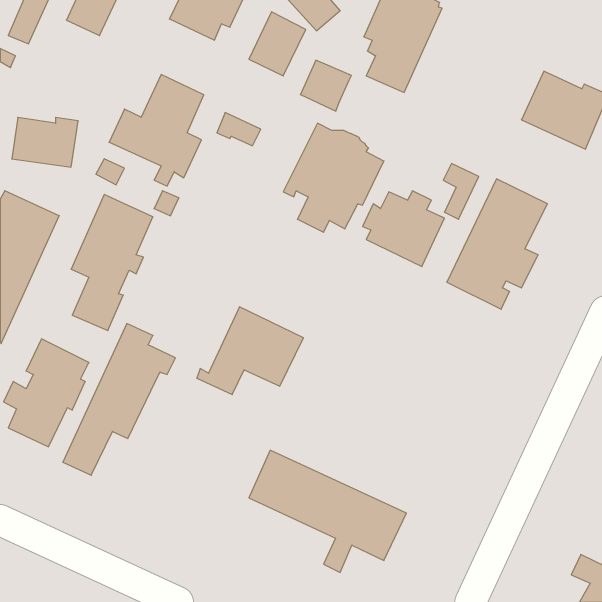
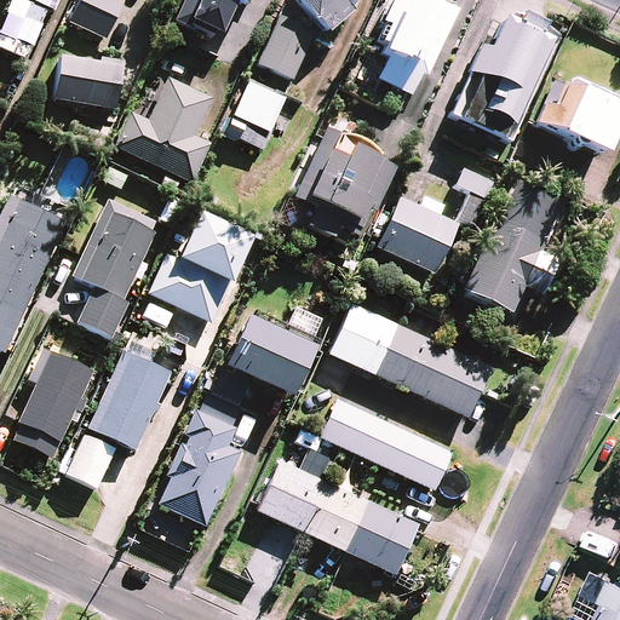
building: none -> [452,18,552,139]
building: [300,60,351,111] -> [234,80,286,132]
building: [12,117,78,167] -> [54,56,122,107]
building: none -> [149,212,251,321]
building: none -> [329,303,490,417]
building: none -> [159,394,242,524]
building: none -> [320,400,450,488]

